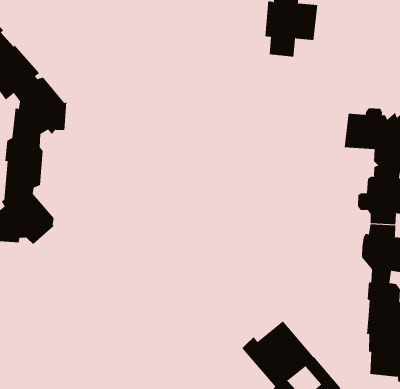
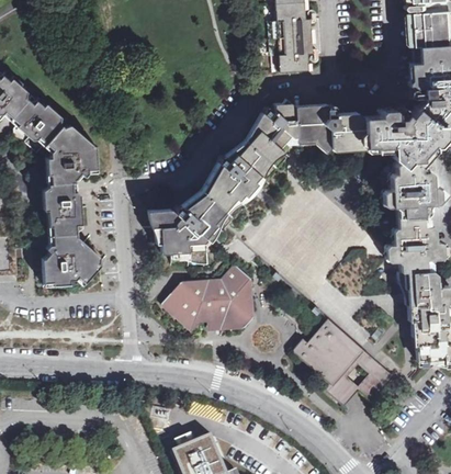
building: none -> [154,98,362,263]
building: none -> [162,266,252,331]

